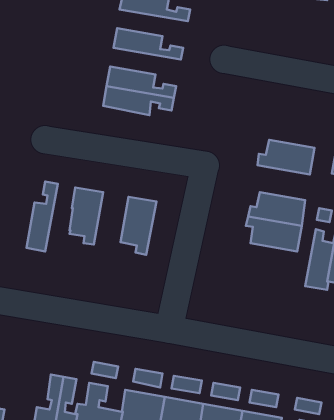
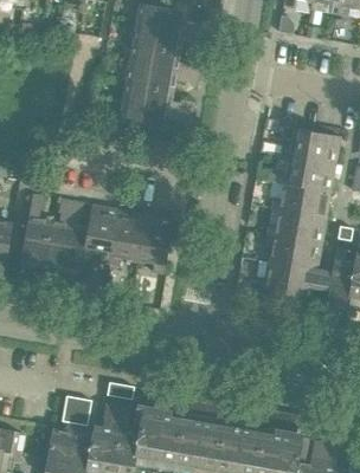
building: none -> [133,24,205,51]
building: none -> [126,63,198,90]
building: none -> [281,128,340,164]
building: none -> [271,183,329,218]
building: none -> [19,194,49,266]
building: none -> [59,201,88,273]
building: none -> [109,209,144,265]
building: none -> [257,261,316,297]

